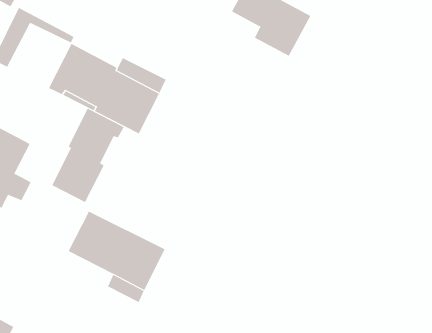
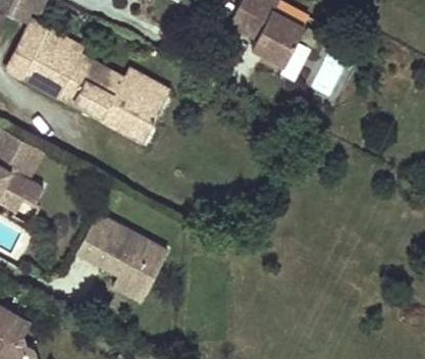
building: none -> [19,38,78,98]
building: [52,108,125,203] -> none

